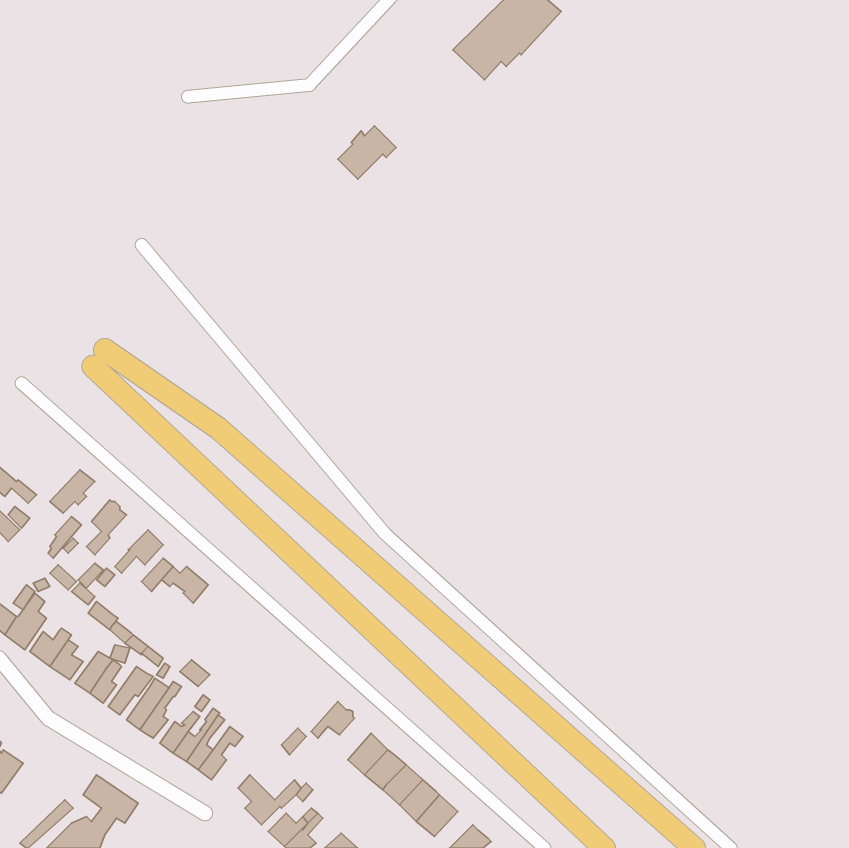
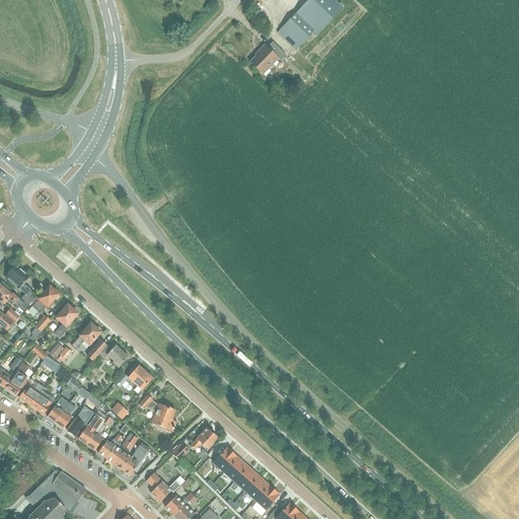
building: [338,126,396,179] -> [249,41,285,73]
building: none -> [4,265,36,304]
building: none -> [115,365,151,389]
building: none -> [139,393,174,430]

